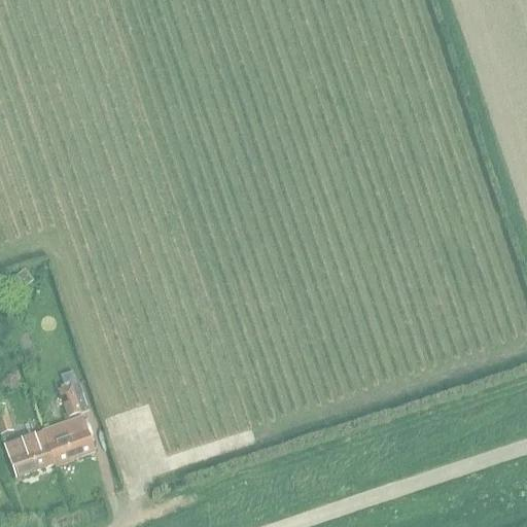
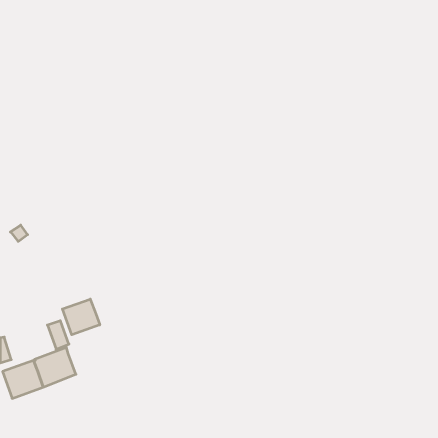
building: none -> [62,299,100,335]

